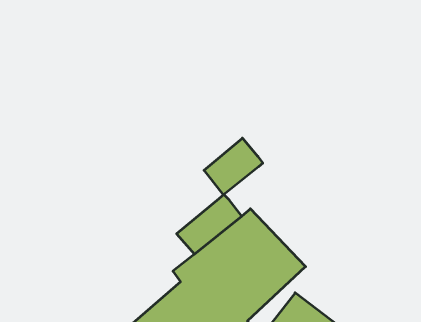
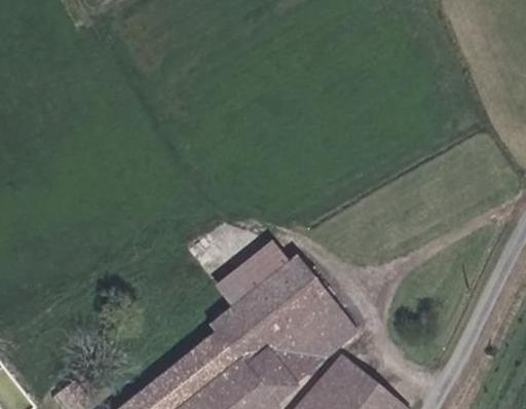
building: [204,138,263,195] -> none

